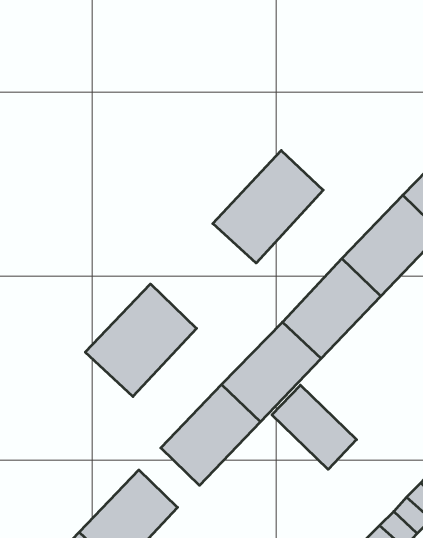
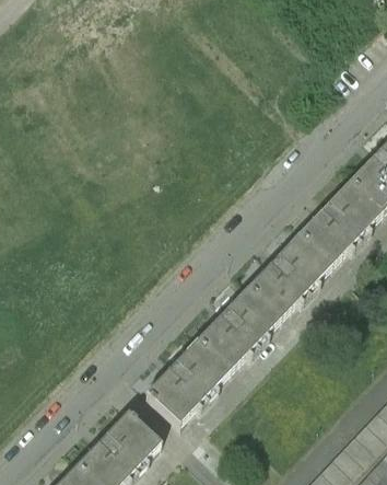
building: [213,150,323,263] -> none
building: [85,284,197,397] -> none
building: [272,385,357,469] -> none

